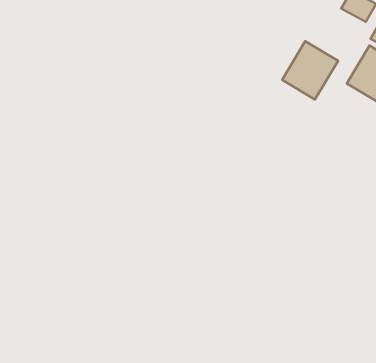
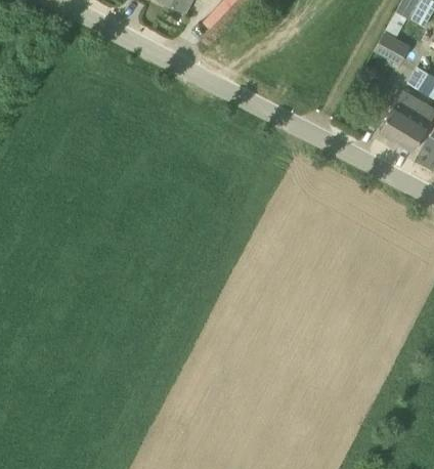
building: [282,41,338,99] -> none

